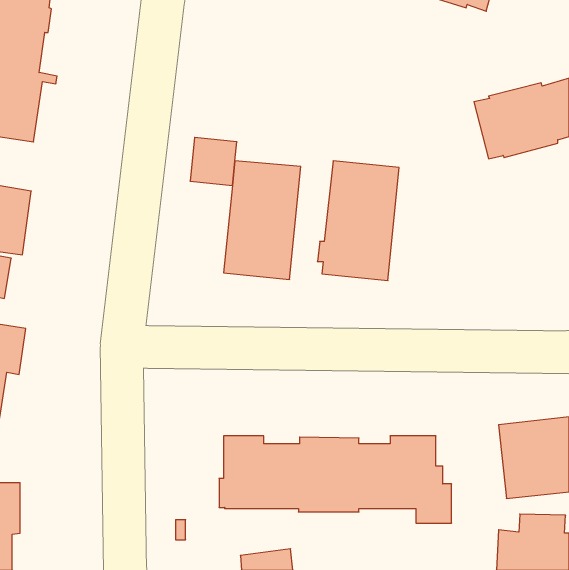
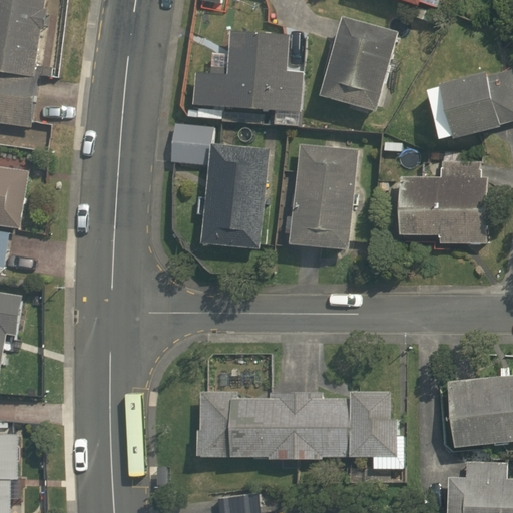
building: none -> [319,17,399,114]
building: none -> [192,31,304,113]
building: none -> [399,161,488,245]

